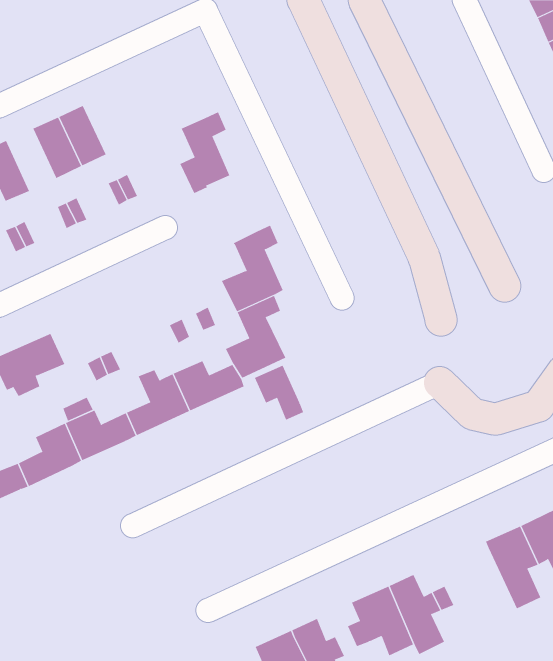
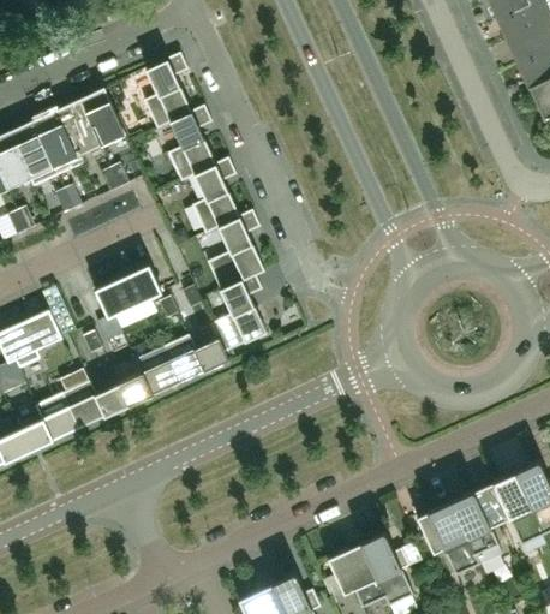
building: none -> [144,53,191,130]
building: none -> [79,88,126,145]
building: none -> [8,121,58,186]
building: none -> [192,159,239,234]
building: none -> [95,264,162,317]
building: [254,365,304,421] -> none
building: none -> [416,502,479,576]

